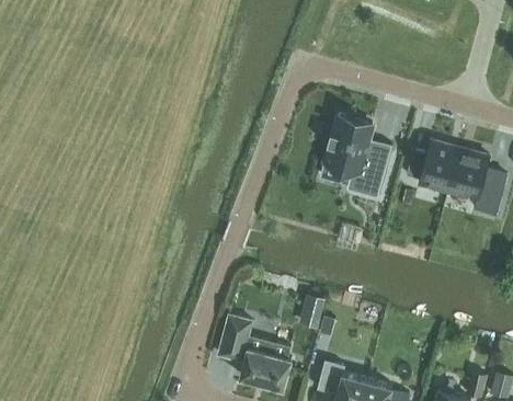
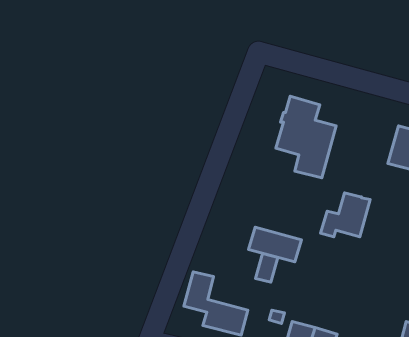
building: [407,141,464,192] -> [320,193,370,237]
building: none -> [249,227,302,262]

